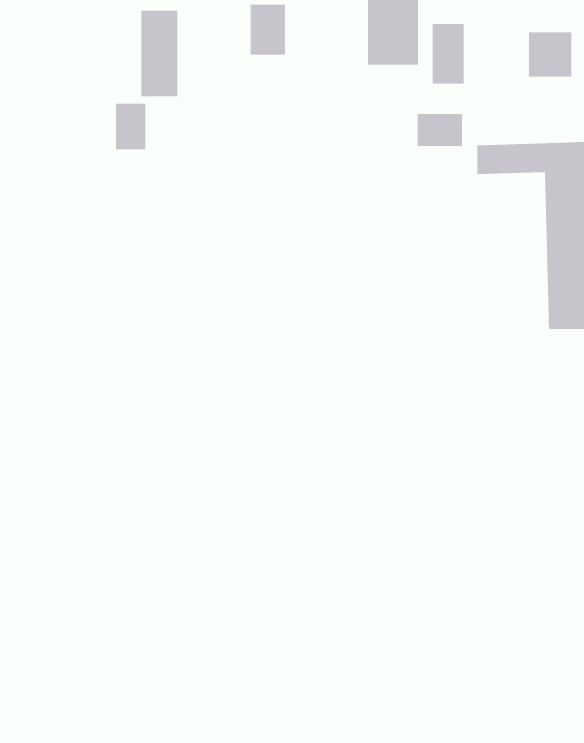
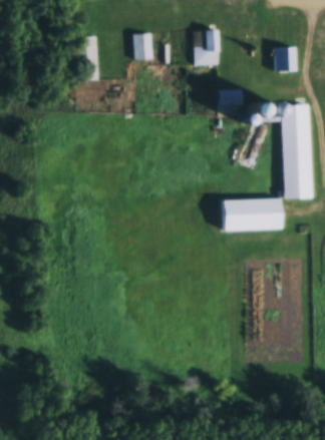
building: [432,23,464,84] -> none
building: [115,103,146,150] -> none
building: none -> [222,198,282,231]

